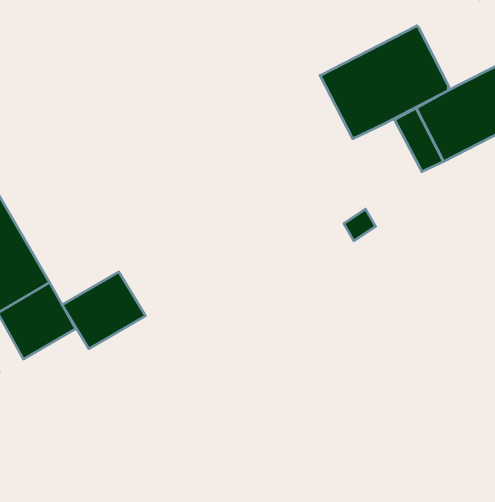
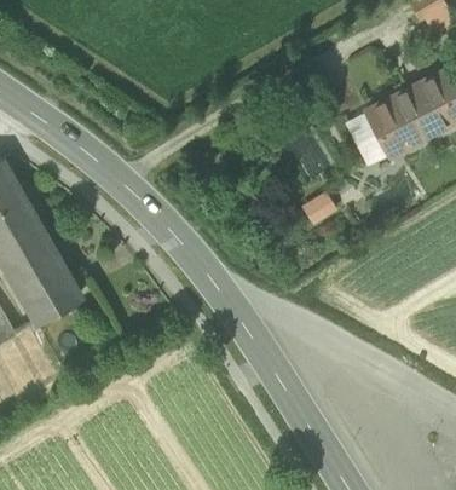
building: [320,26,449,139] -> none
building: [62,272,145,349] -> none

